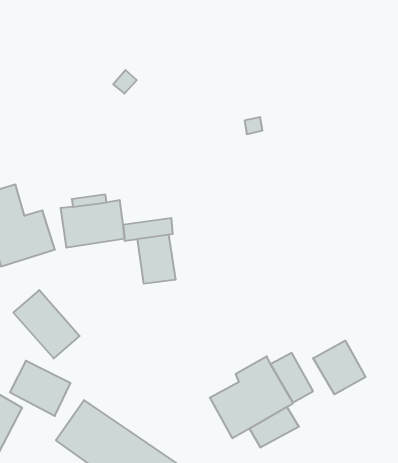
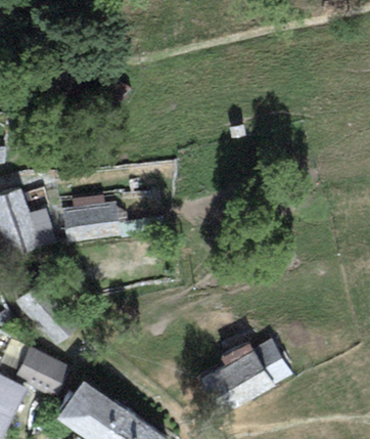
building: [138,235,176,284] -> none
building: [313,341,366,394] -> none
building: [250,407,299,448] -> none

